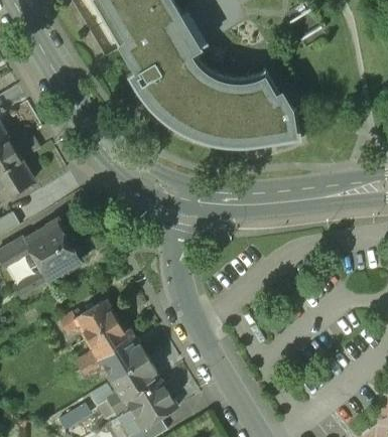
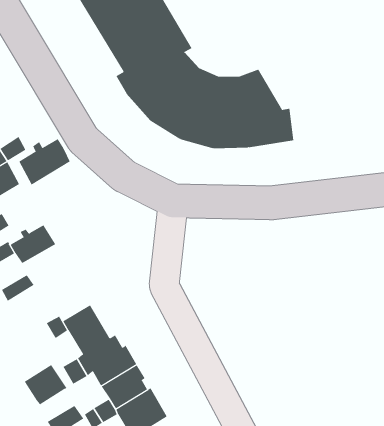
building: none -> [18,138,71,185]
building: [35,241,81,280] -> none
building: none -> [24,364,67,405]

